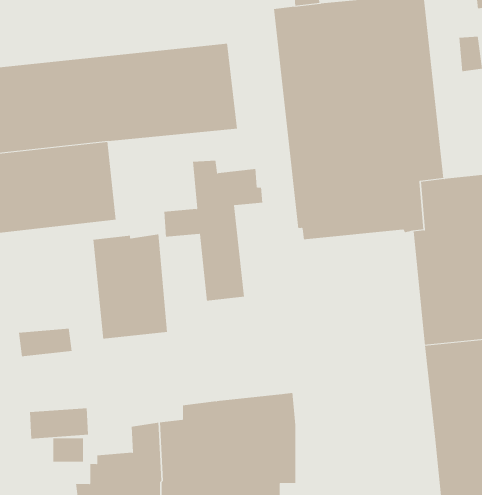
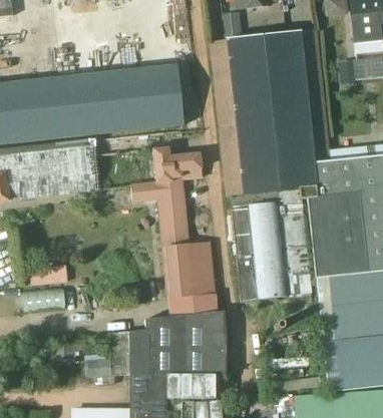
building: none -> [231,195,312,300]
building: [92,234,168,339] -> [162,242,216,316]
building: [29,408,89,439] -> [23,287,65,309]

